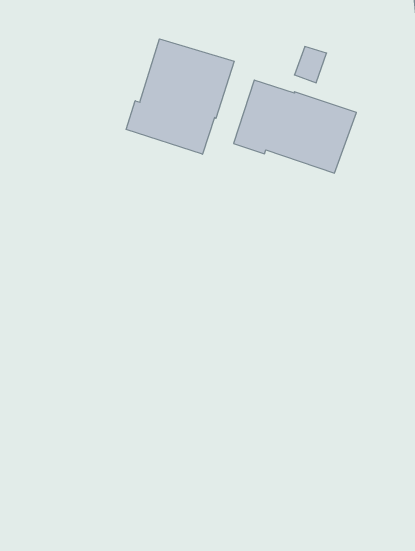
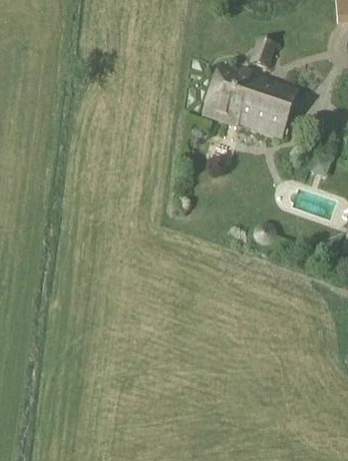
building: [126,39,234,154] -> none

